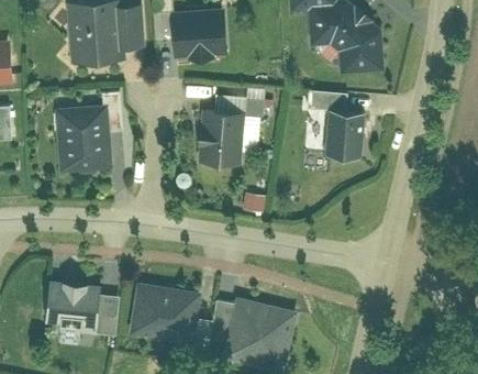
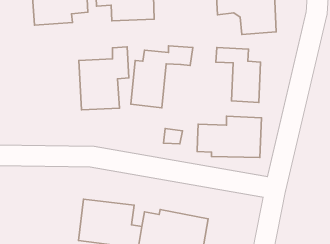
building: [57,94,121,174] -> [79,47,129,110]
building: none -> [197,116,262,158]
building: [44,280,119,339] -> none

